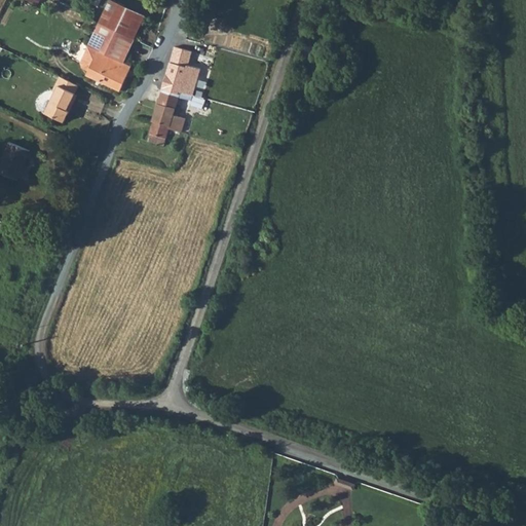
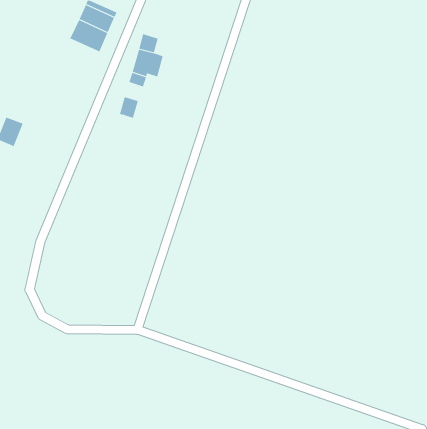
building: [78,47,130,93] -> none
building: [44,76,77,123] -> none
building: [152,101,186,133] -> none

